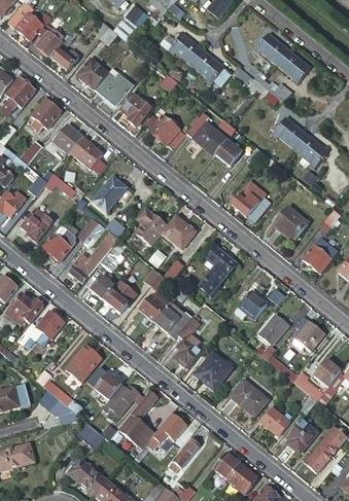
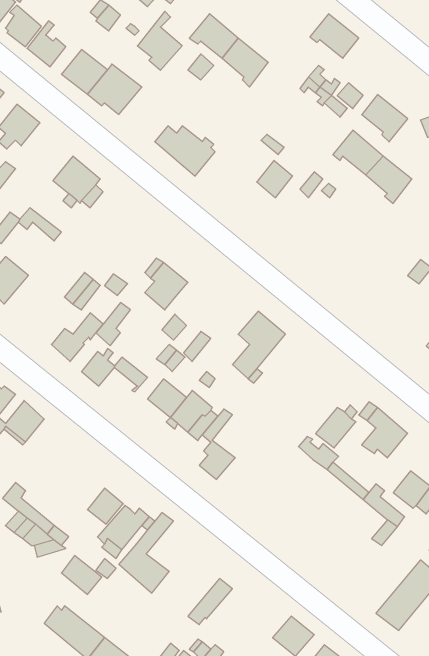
building: [278,50,311,84] -> [362,95,408,142]
building: [119,84,151,127] -> [137,11,182,70]
building: [186,115,229,154] -> none
building: [55,122,84,152] -> none
building: [93,176,127,212] -> none
building: [231,181,270,222] -> none
building: [273,206,307,240] -> none
building: [161,215,196,249] -> none
building: [41,227,75,261] -> none
building: [302,238,330,272] -> none
building: [103,286,131,314] -> none
building: [239,290,267,318] -> none
building: [60,344,100,386] -> none
building: [195,352,232,389] -> none
building: [231,379,269,415] -> none
building: [259,406,288,435] -> none
building: [132,411,185,462] -> none
building: [287,419,317,453] -> none
building: [212,452,241,479] -> none

